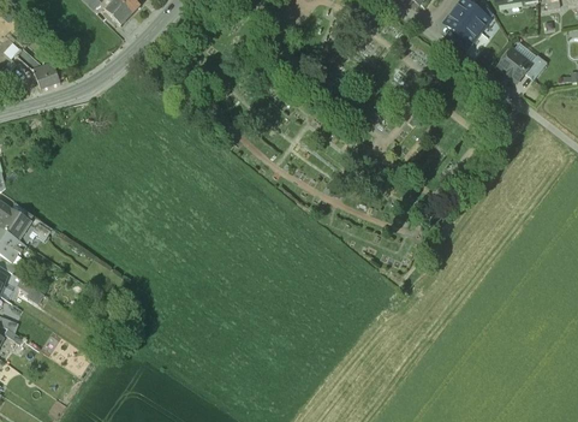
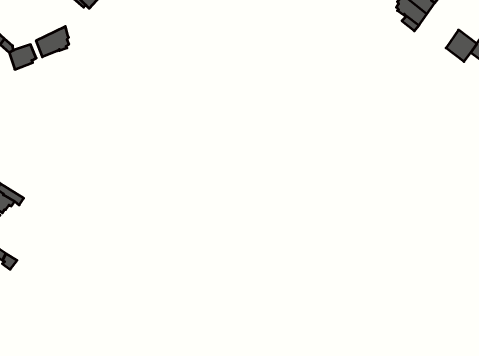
building: none -> [36,26,69,57]

